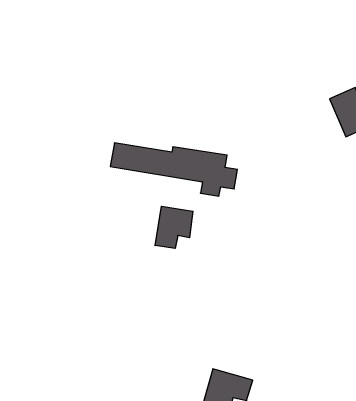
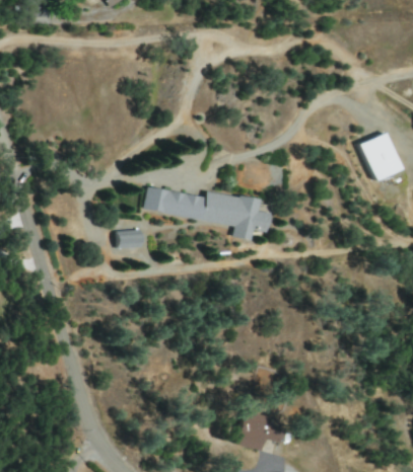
building: none -> [117,230,142,248]
building: [155,206,193,248] -> none

